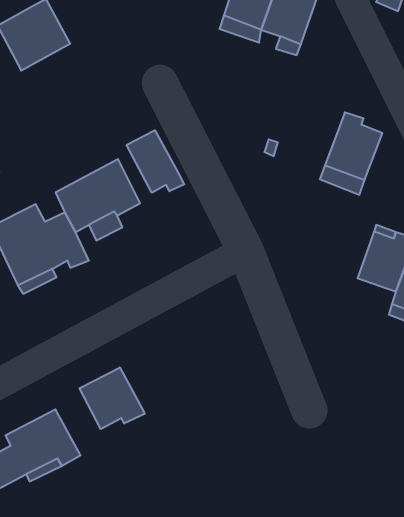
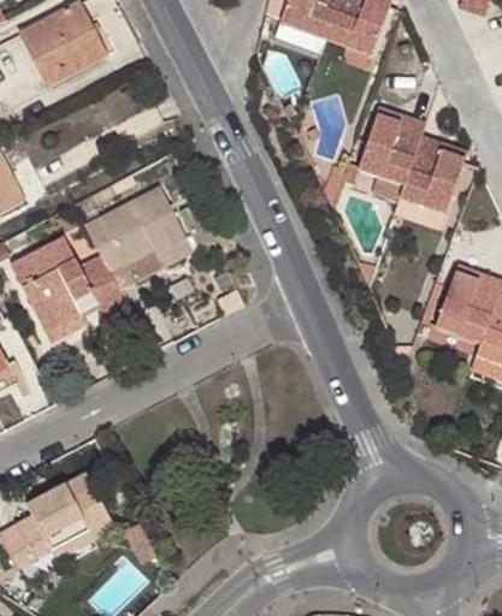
building: none -> [358,113,425,180]
building: [127,130,184,193] -> none
building: [80,367,145,429] -> none

